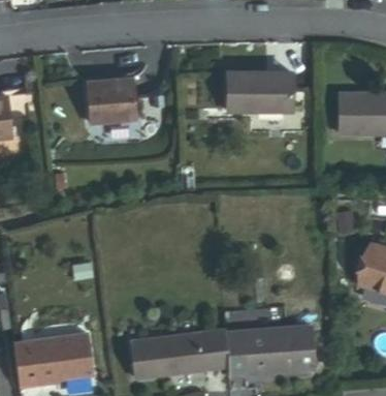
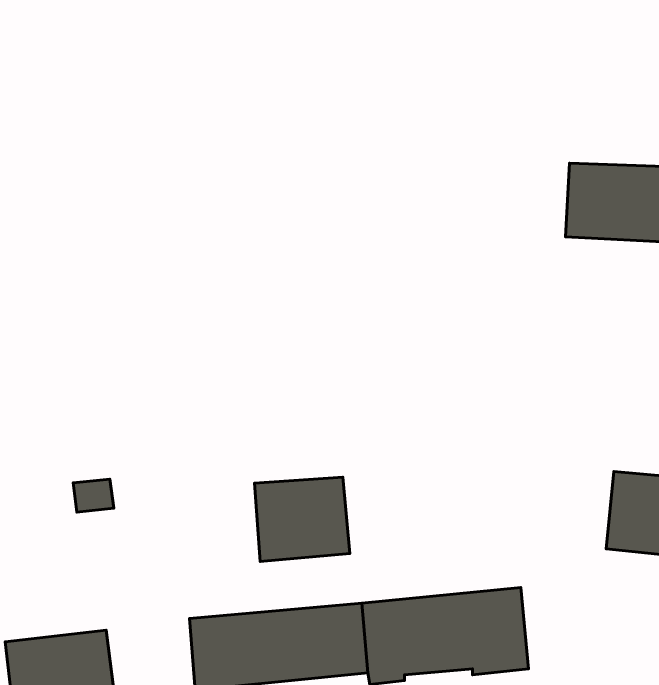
building: [226,71,290,111] -> none
building: [85,79,134,123] -> none
building: none -> [254,477,350,562]

